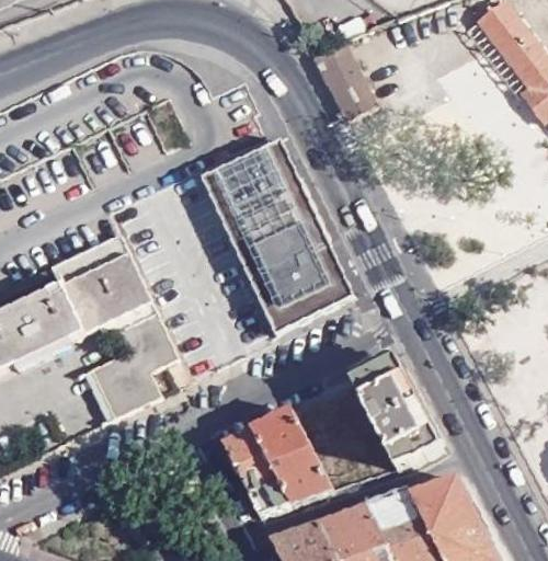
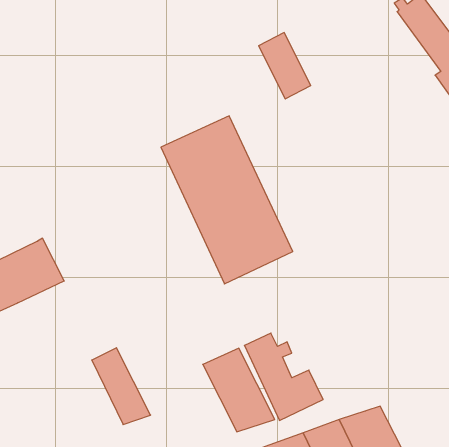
building: [49,230,176,412] -> none
building: [349,358,442,468] -> none
building: [220,426,288,515] -> [92,348,151,425]

